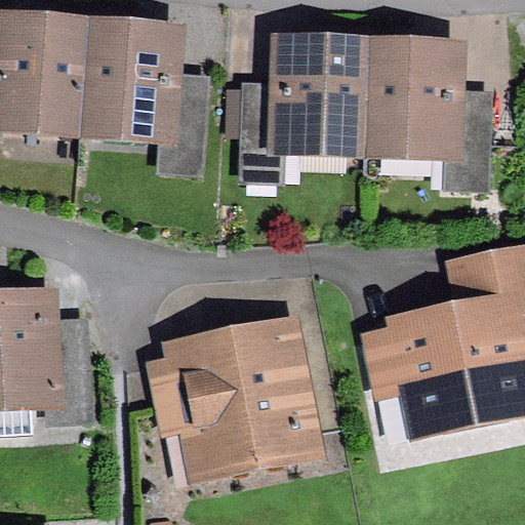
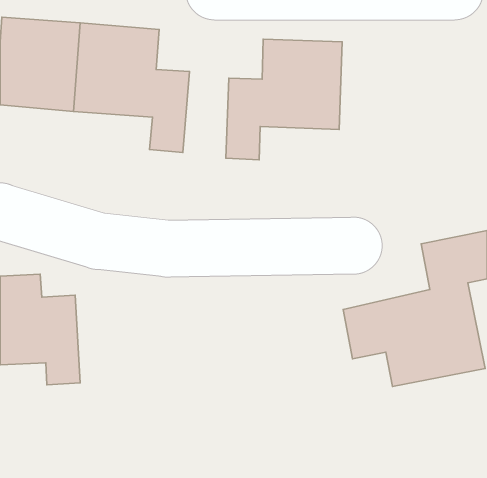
building: [365,45,487,179] -> none
building: [154,330,304,458] -> none

